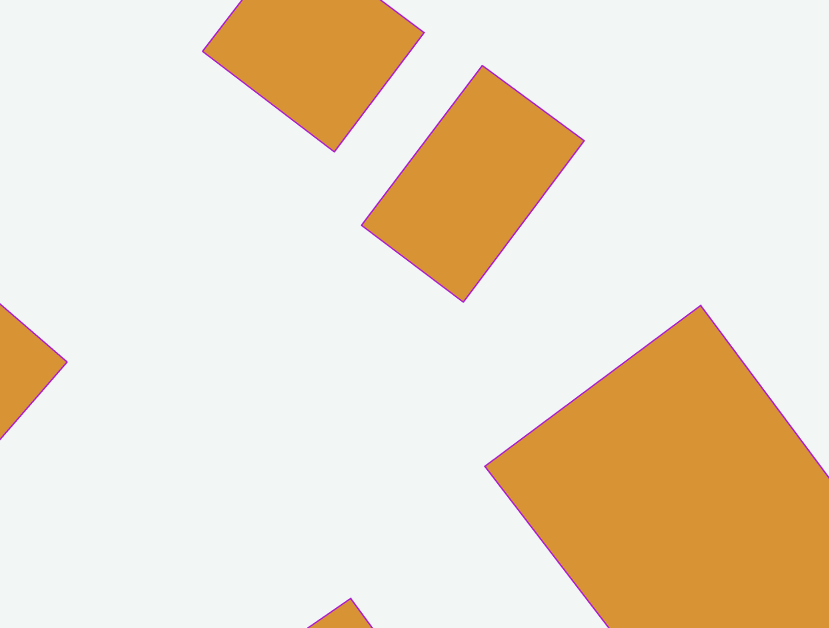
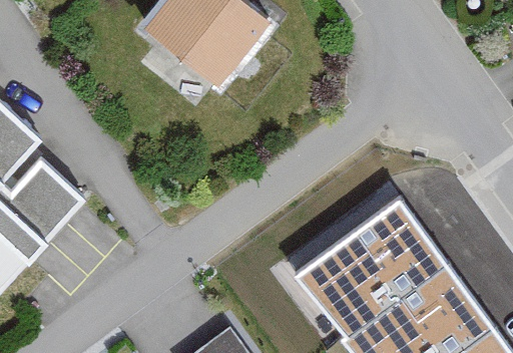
building: [362,66,584,302] -> none

